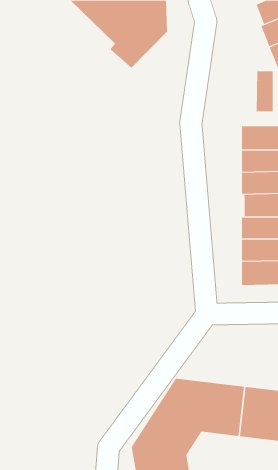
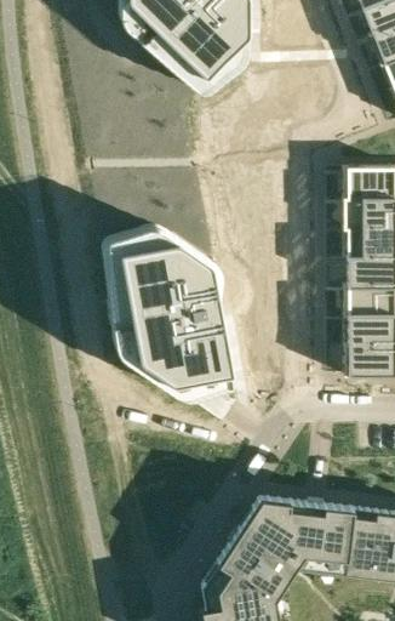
building: [256,71,273,112] -> none
building: none -> [105,232,235,389]

